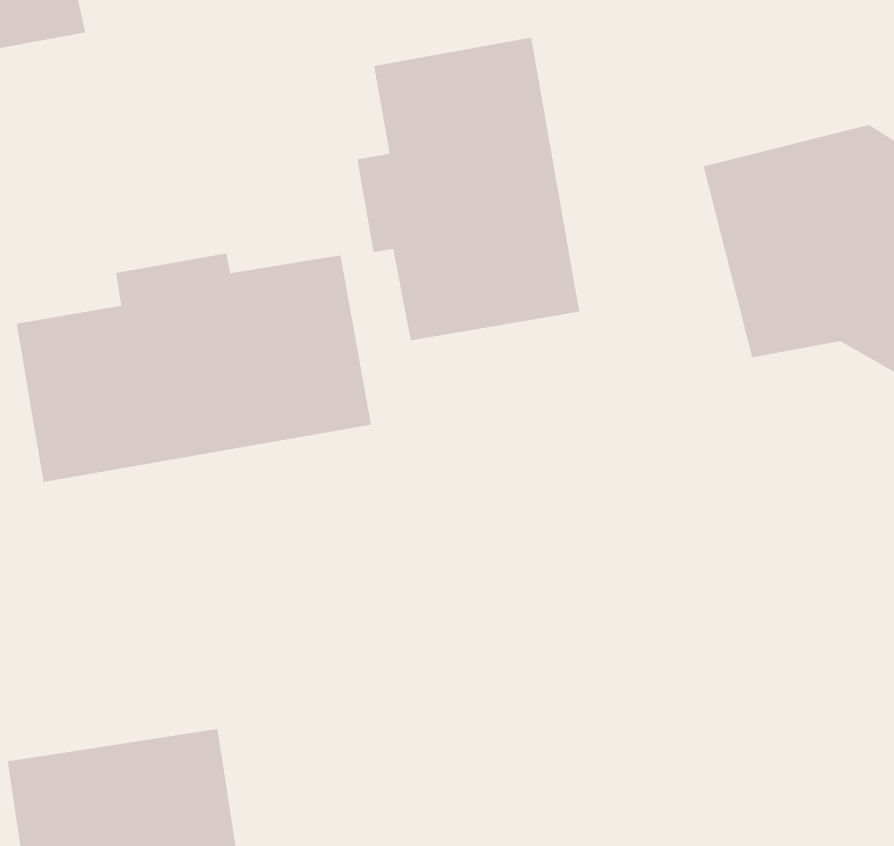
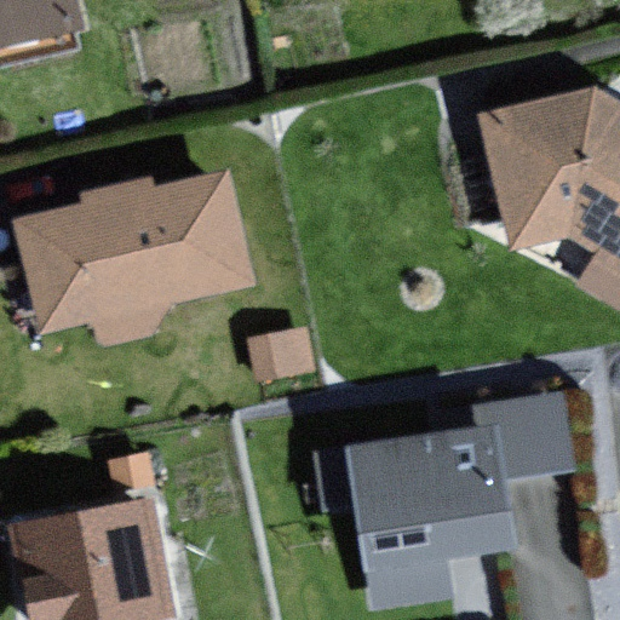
building: [357,37,580,341] -> none
building: none -> [354,397,564,562]

